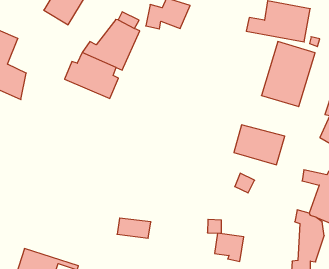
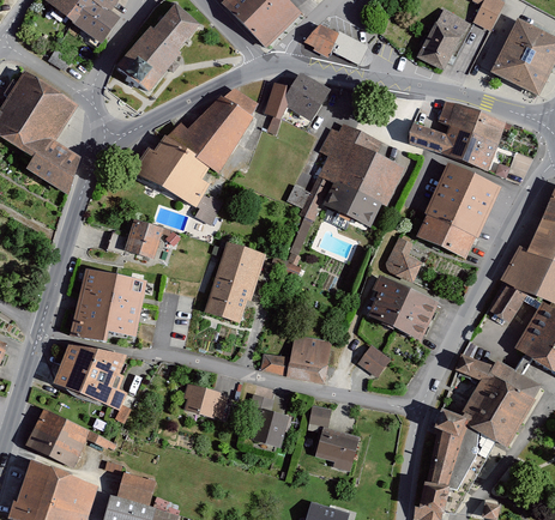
building: none -> [298,122,403,226]
building: none -> [384,236,423,283]
building: none -> [123,218,162,259]
building: none -> [203,243,263,324]
building: none -> [68,268,147,340]
building: none -> [260,337,331,379]
building: none -> [53,343,126,409]
building: none -> [249,406,289,446]

